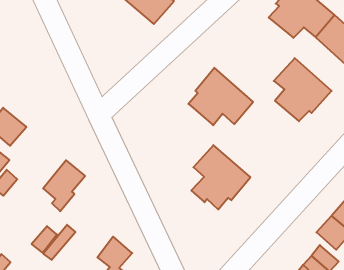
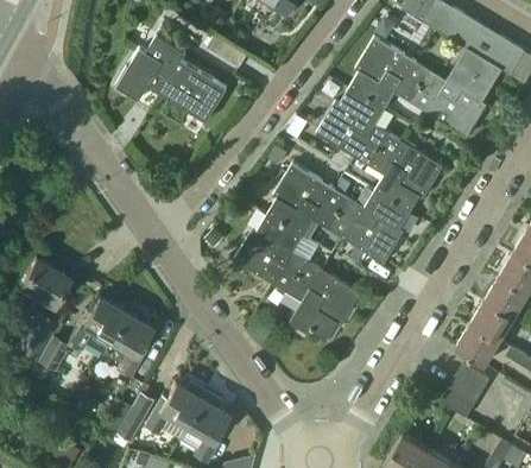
building: none -> [316,88,391,166]
building: none -> [329,191,410,263]
building: none -> [234,214,308,292]
building: none -> [68,296,126,352]
building: none -> [145,381,202,434]

